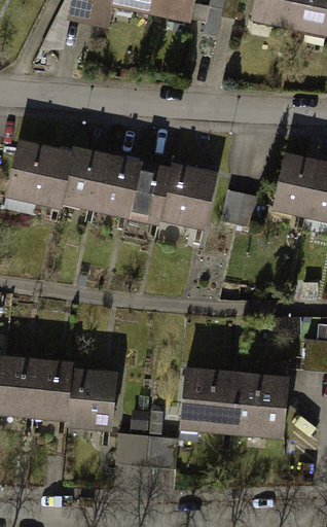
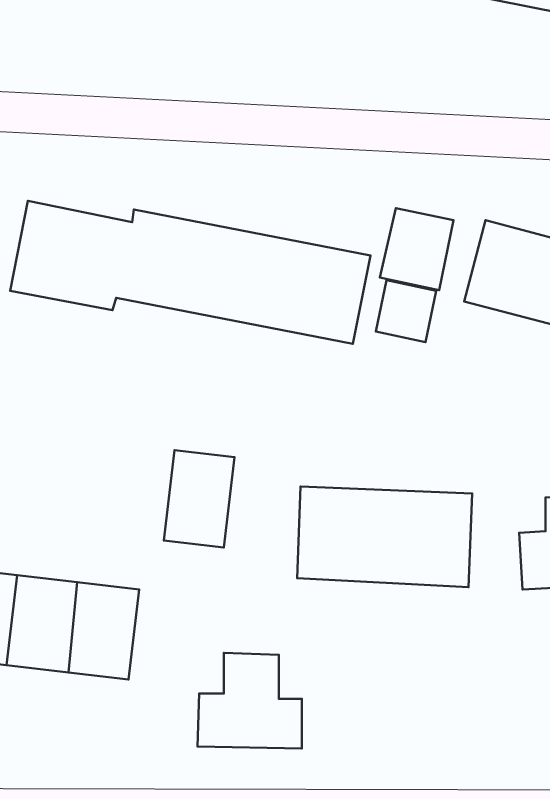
building: none -> [380,208,454,290]
building: [76,370,117,426] -> [164,450,235,547]
building: [183,373,285,431] -> [297,486,472,587]

